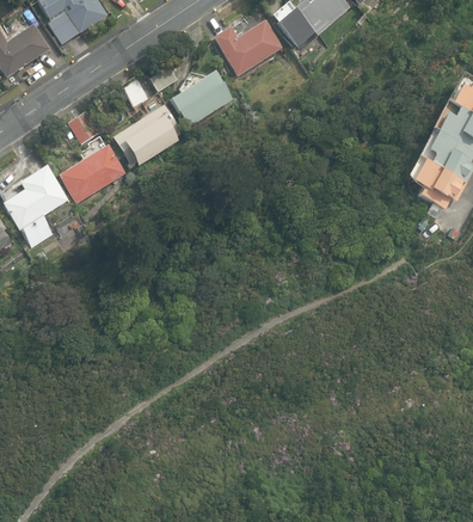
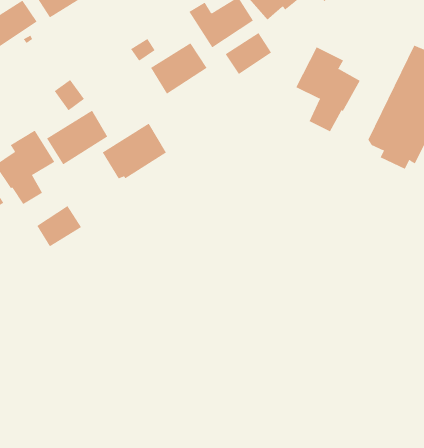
building: none -> [225,32,272,75]
building: none -> [295,46,360,132]
building: [112,104,183,165] -> [102,123,167,179]
building: none -> [37,205,82,247]

